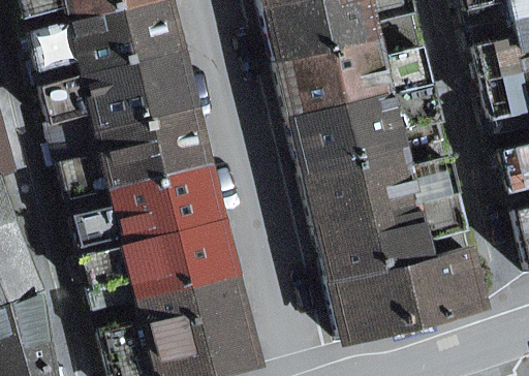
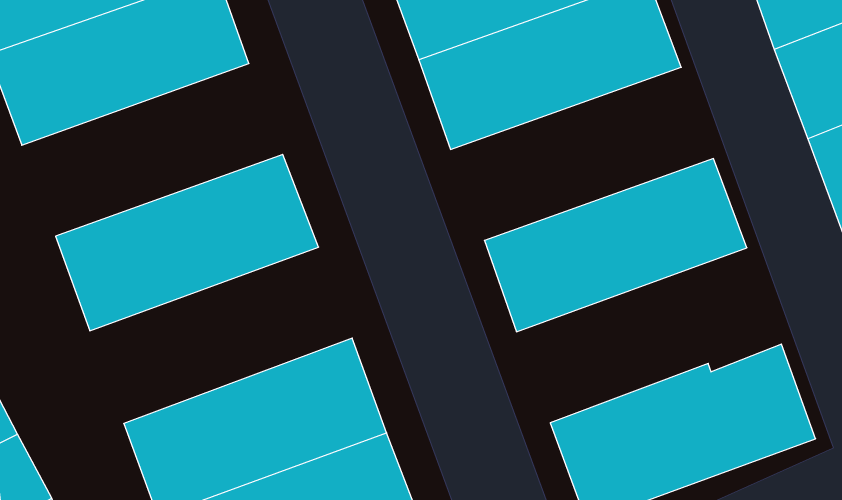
building: [45,55,195,142] -> none
building: [292,86,443,173] -> none
building: [72,165,223,254] -> none
building: [318,194,470,282] -> none

